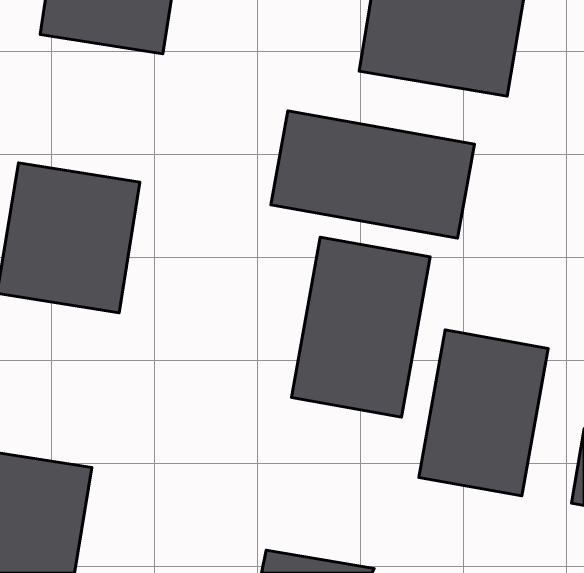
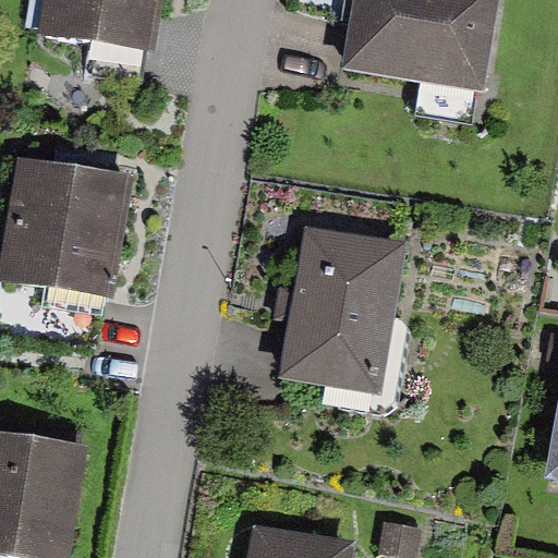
building: [271,111,474,238] -> none
building: [419,330,548,496] -> none

